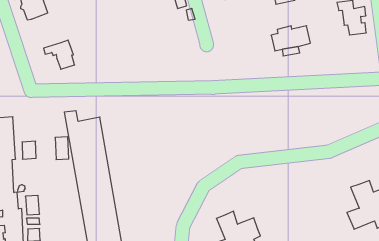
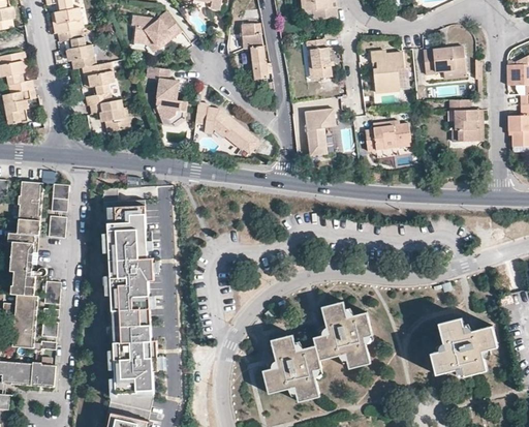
building: none -> [147,67,182,119]
building: none -> [76,64,111,108]
building: none -> [305,105,336,152]
building: none -> [194,103,252,150]
building: [55,137,69,160] -> [48,186,65,214]
building: none -> [314,301,372,368]

